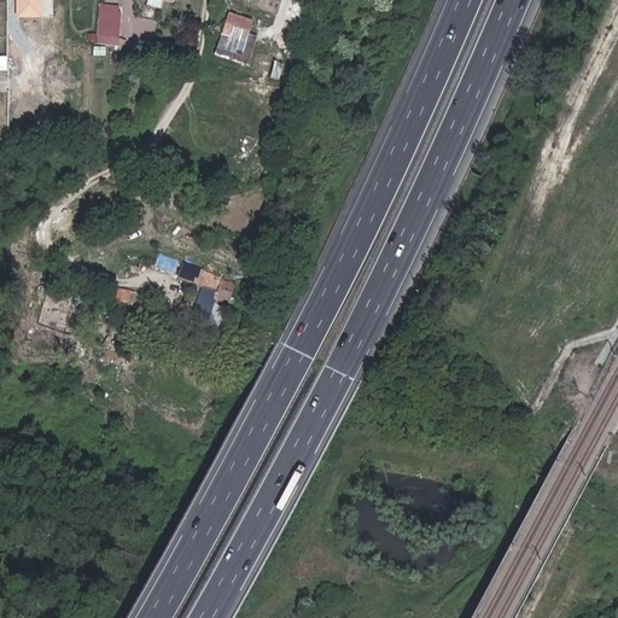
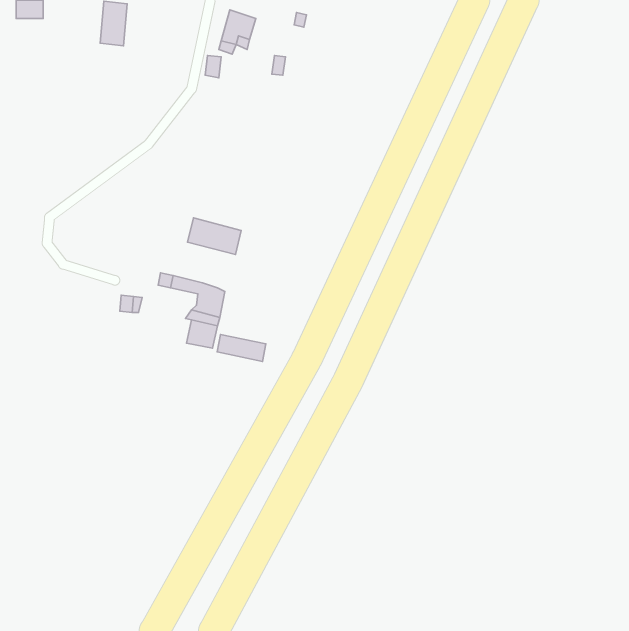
building: none -> [188,218,241,255]
building: none -> [217,334,266,361]

